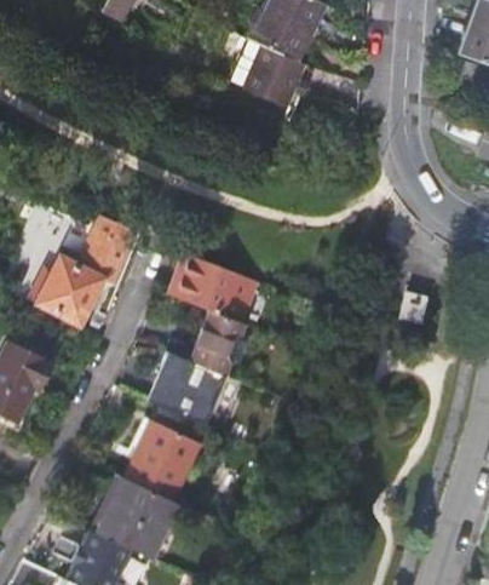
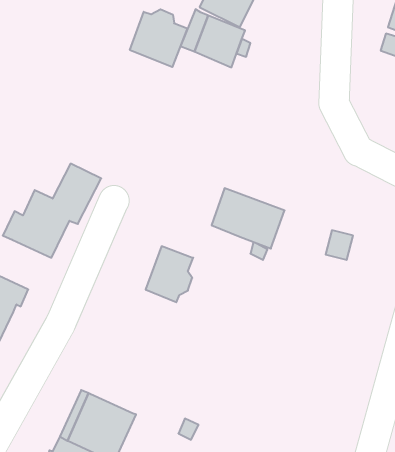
building: none -> [130,9,188,67]
building: [174,256,258,325] -> [212,188,285,249]
building: [148,352,224,425] -> none
building: [126,423,201,503] -> none

